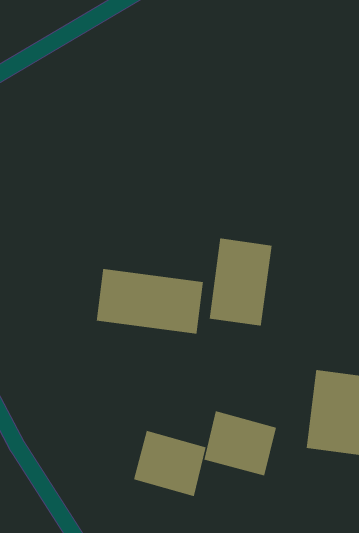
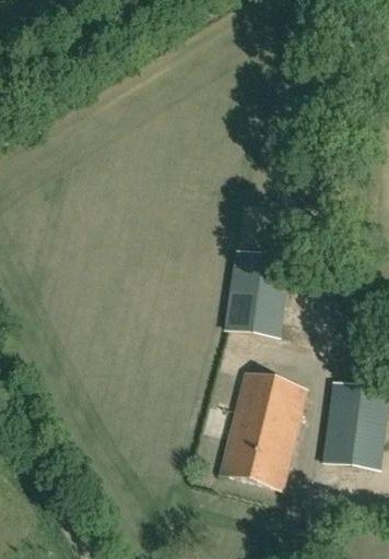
building: [96,268,203,335] -> none
building: [133,430,206,497] -> [232,372,306,440]

